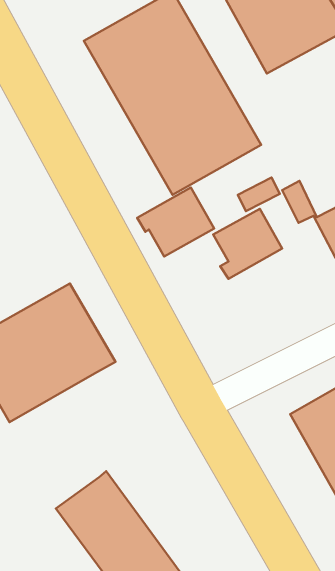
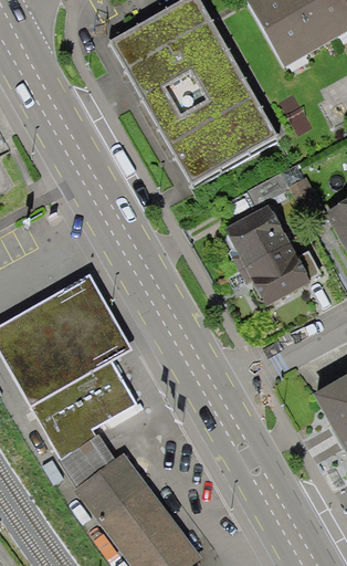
building: [137,188,214,256] -> [240,239,313,304]
building: none -> [32,357,139,485]

